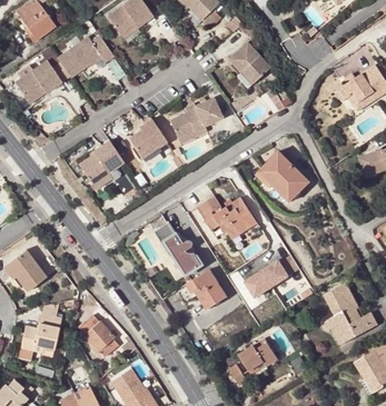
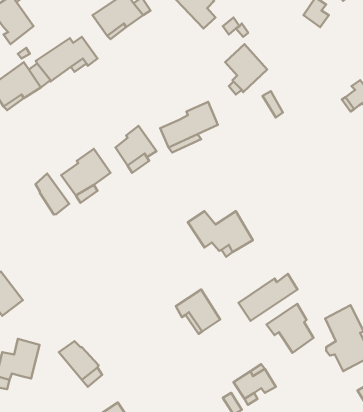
building: [257,151,308,202] -> none
building: none -> [35,173,69,214]
building: [151,222,200,276] -> none
building: none -> [266,304,314,353]

